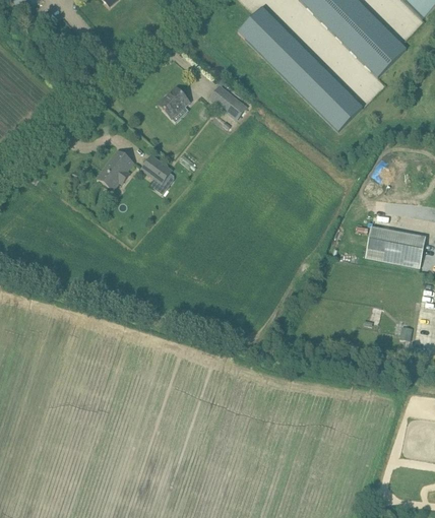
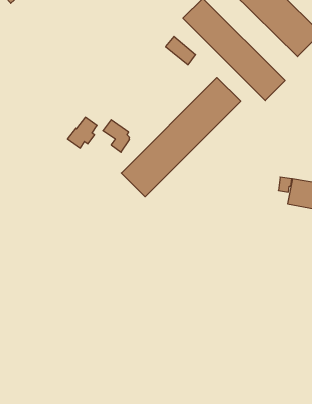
building: [208,83,245,118] -> [166,36,196,65]
building: [159,85,188,120] -> none
building: none -> [121,78,241,197]

